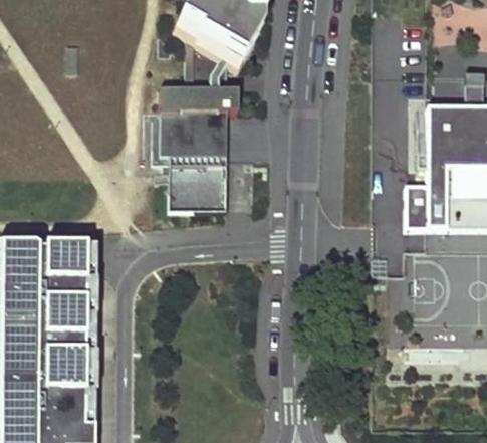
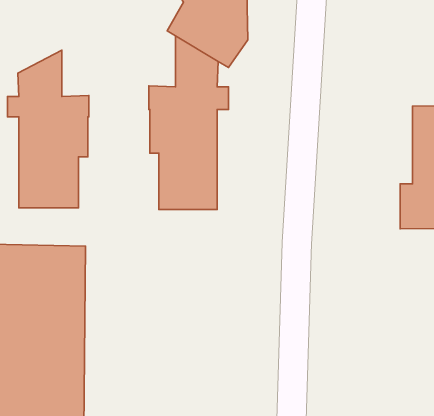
building: none -> [7,50,89,208]

